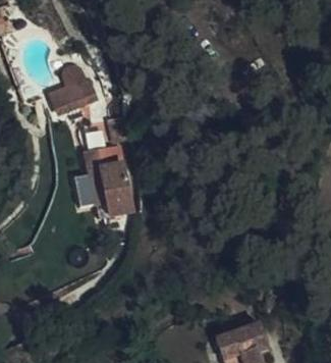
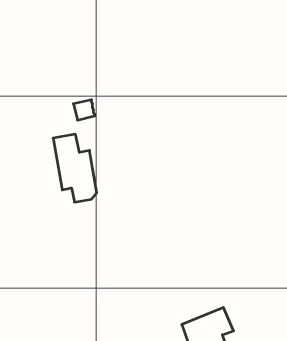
building: [47,66,96,112] -> none

